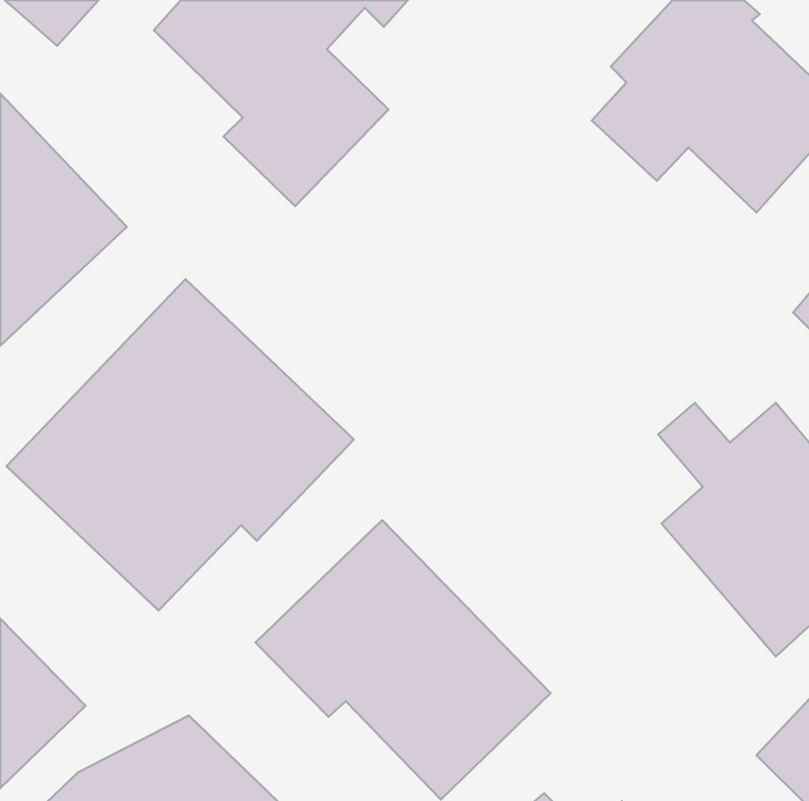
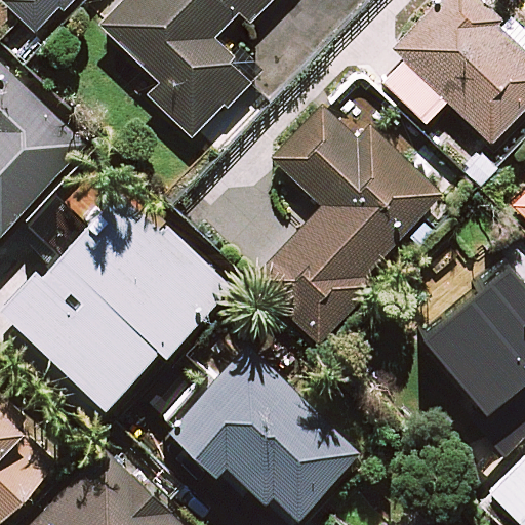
building: none -> [253,107,440,341]

